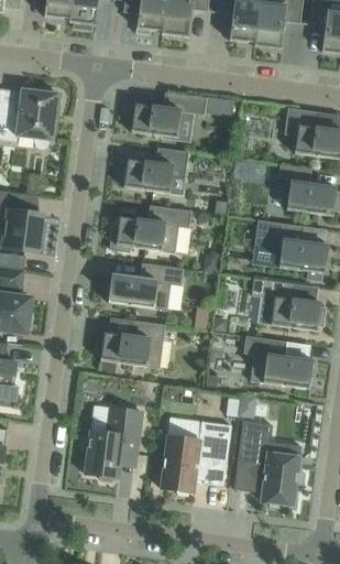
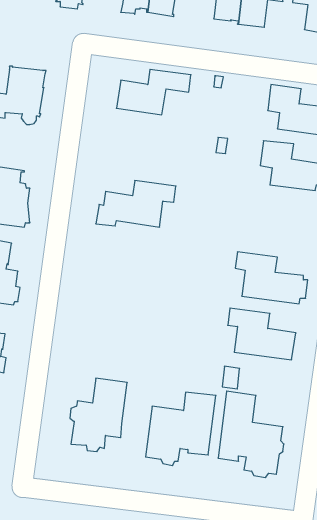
building: [119,145,188,192] -> none
building: [254,218,329,279] -> none
building: [108,261,184,308] -> none
building: [96,318,165,367] -> none

